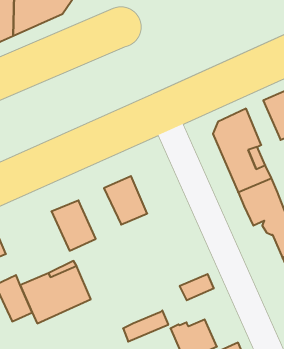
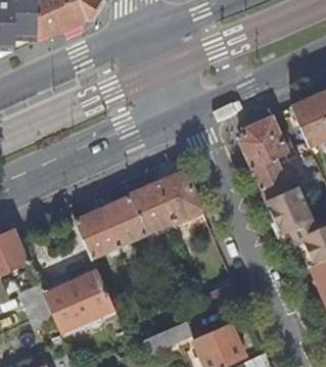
building: none -> [156,170,201,221]
building: none -> [103,195,147,246]

